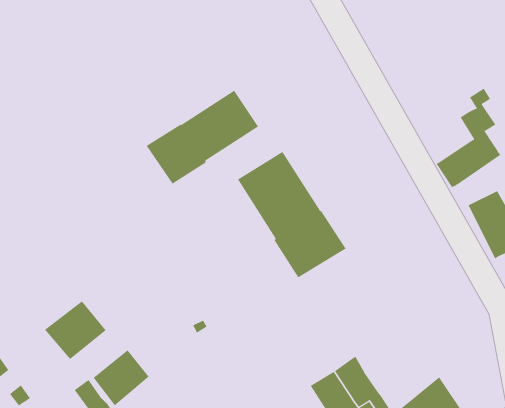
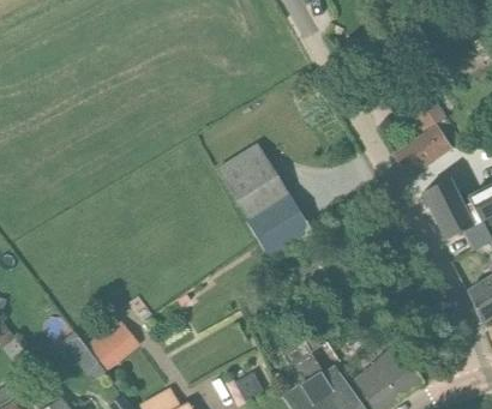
building: [146,90,259,185] -> none
building: [44,301,106,360] -> none

